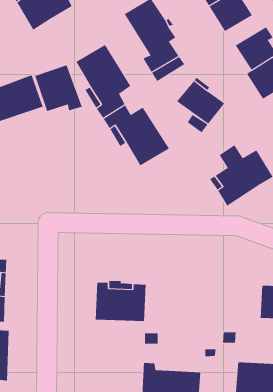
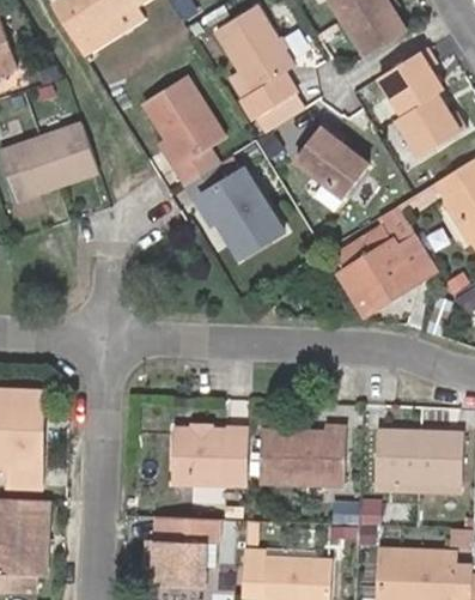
building: [35,64,82,112] -> none
building: none -> [262,429,347,484]
building: none -> [376,431,420,483]
building: none -> [148,517,218,587]

